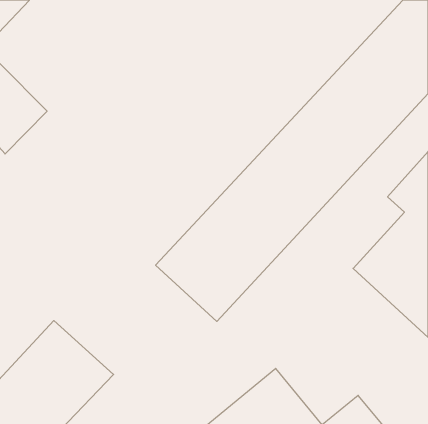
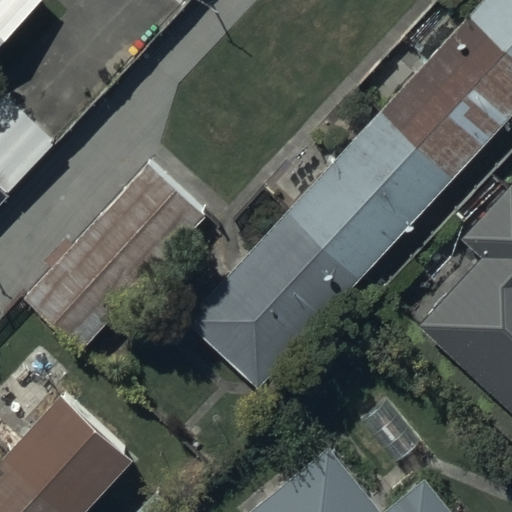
building: none -> [24,167,204,352]

